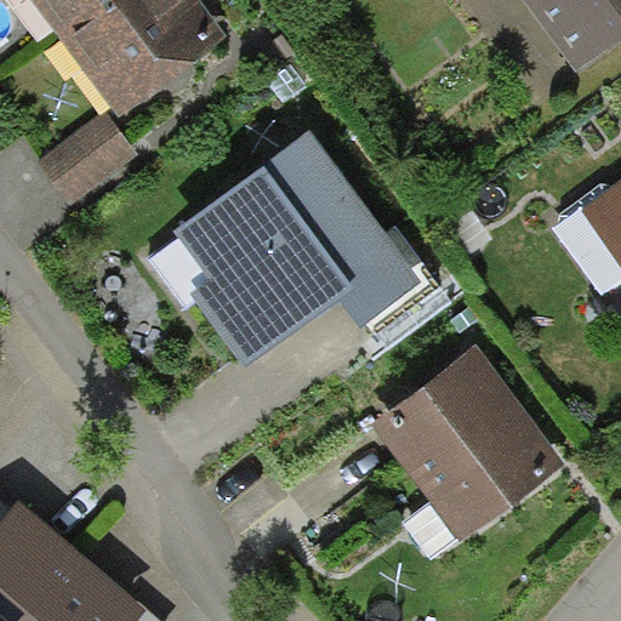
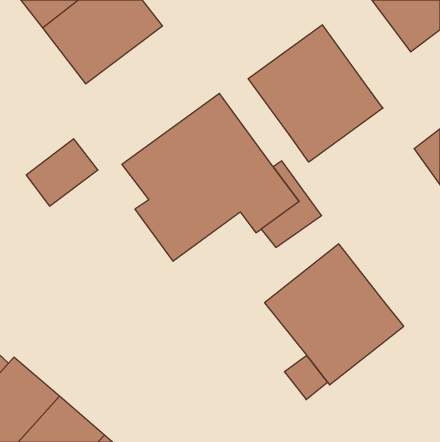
building: none -> [248,25,383,162]
building: [36,110,137,205] -> [26,139,98,206]

